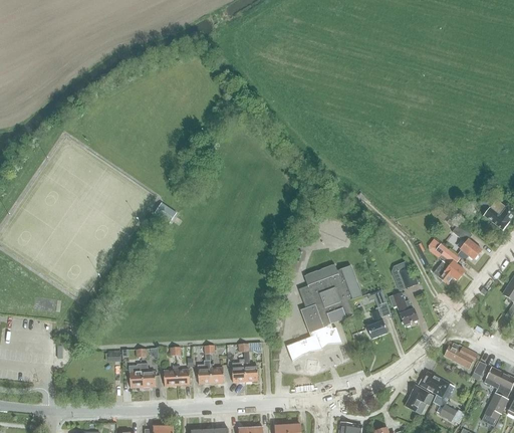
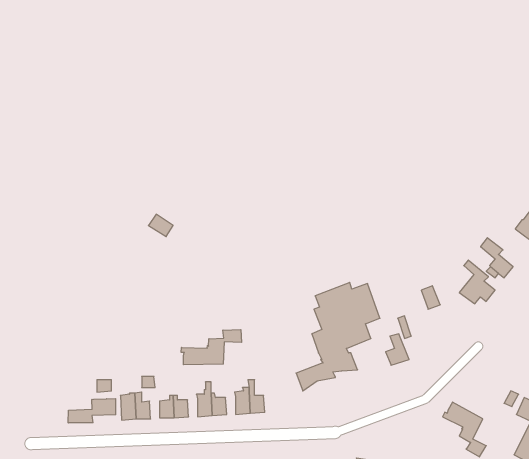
building: [389,291,418,327] -> none
building: none -> [181,330,241,365]
building: [444,342,478,368] -> none
building: none -> [68,399,116,423]
building: [405,385,433,414] -> none

